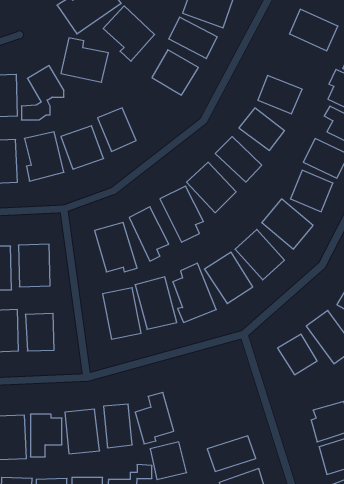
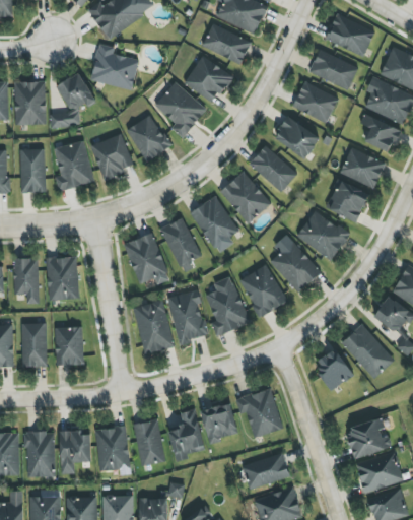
building: [103,6,155,61] -> [153,81,206,138]
building: none -> [308,49,358,90]
building: none -> [234,387,283,438]
building: [150,442,187,480] -> [200,403,237,442]

